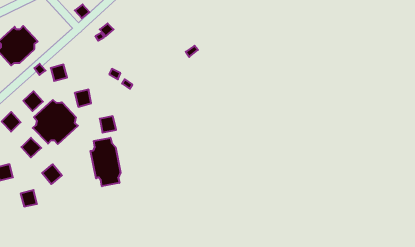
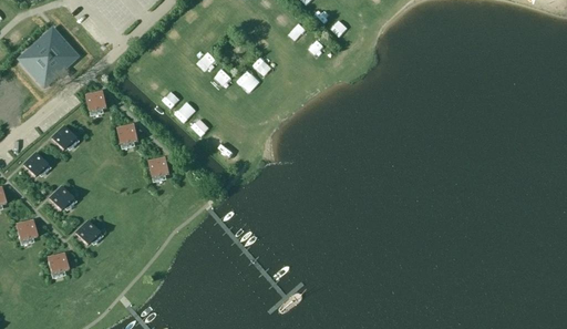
building: [33,100,78,144] -> none
building: [90,138,120,186] -> none

